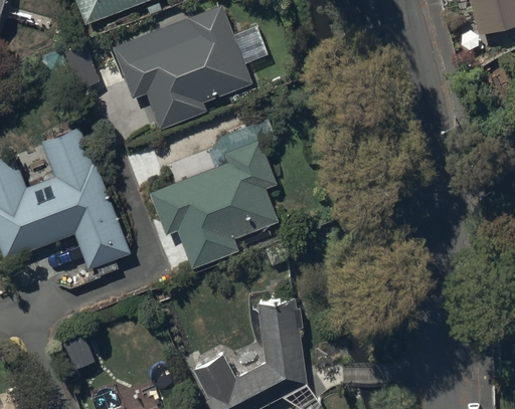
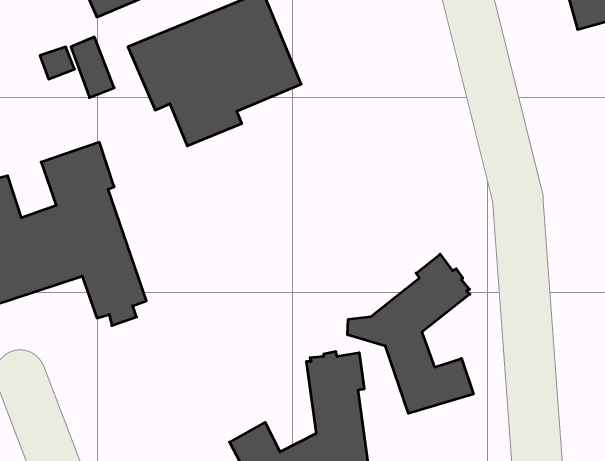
building: [151,115,289,268] -> none
building: none -> [348,254,473,413]

